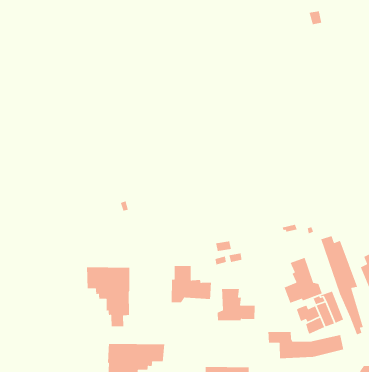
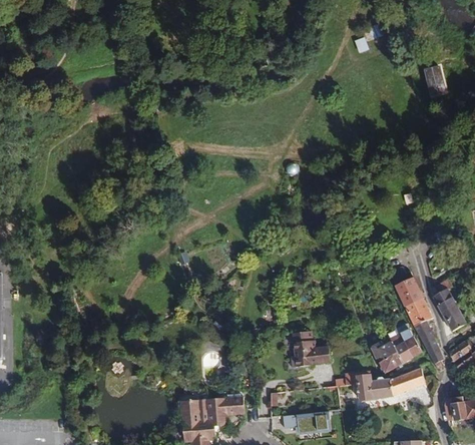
building: [283,257,323,304] -> none
building: [171,265,212,303] -> none
building: [86,267,130,327] -> none

